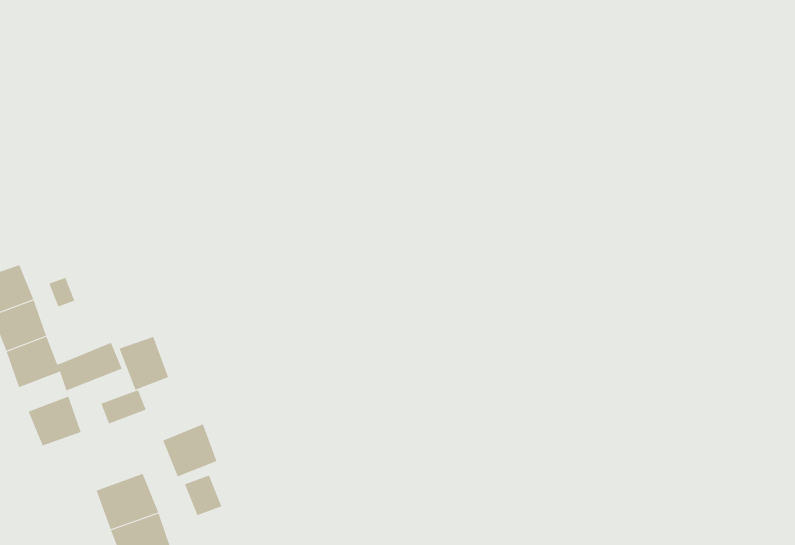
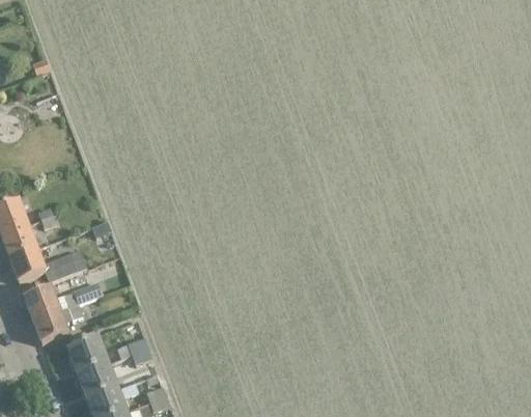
building: [119,336,169,391] -> none
building: [163,424,217,477] -> none
building: none -> [32,306,72,342]

